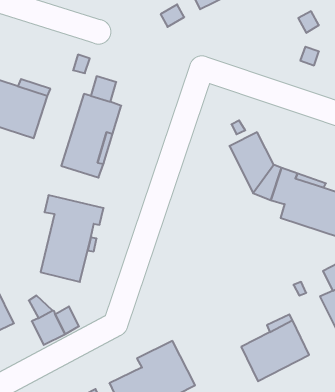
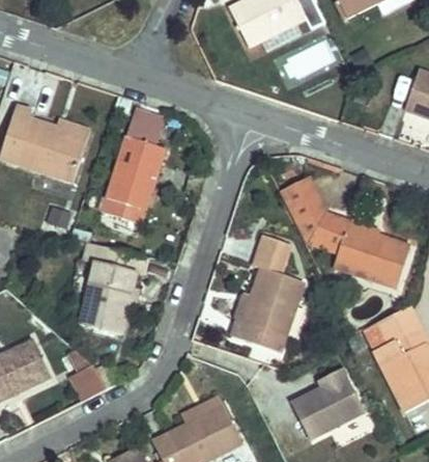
building: none -> [230,235,304,352]

